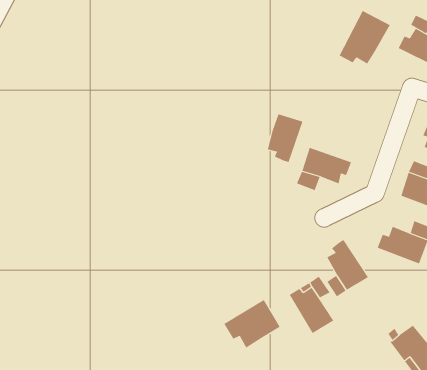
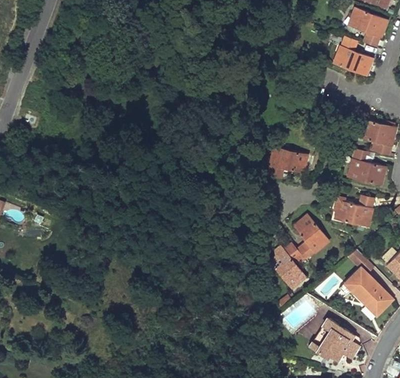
building: [339,10,391,64] -> none
building: [267,113,303,163] -> none
building: [223,299,281,348] -> none

